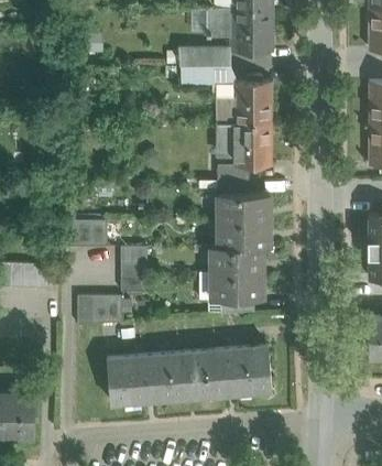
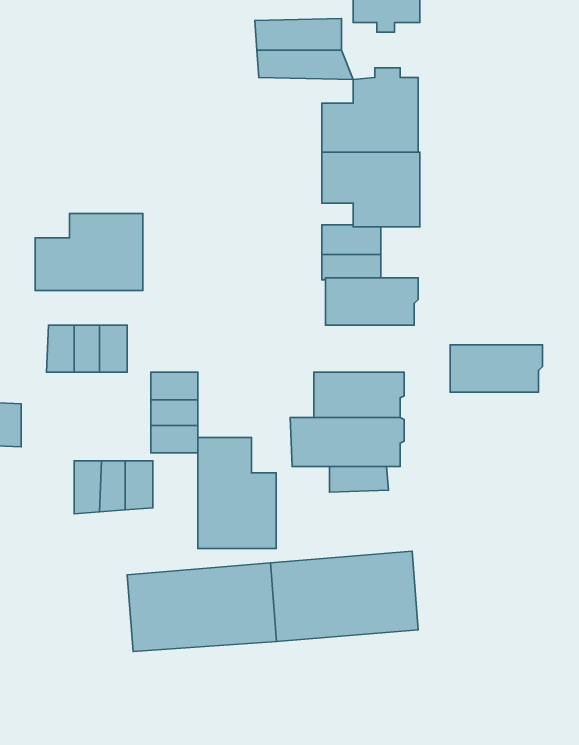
building: none -> [35,214,143,290]
building: [219,220,271,247] -> [450,345,543,392]
building: none -> [198,437,276,548]

